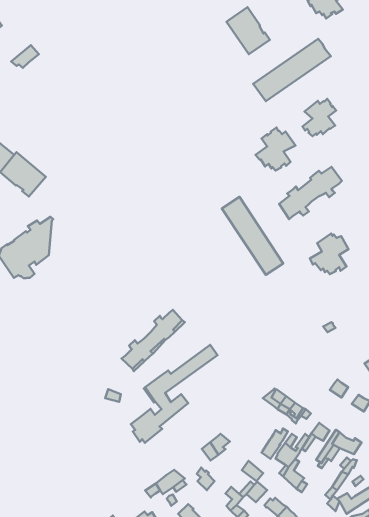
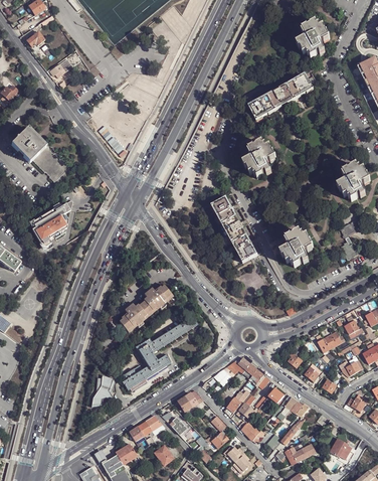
building: [226,7,270,54] -> none
building: [303,99,336,136] -> none
building: [279,167,342,219] -> none
building: none -> [91,376,115,409]

